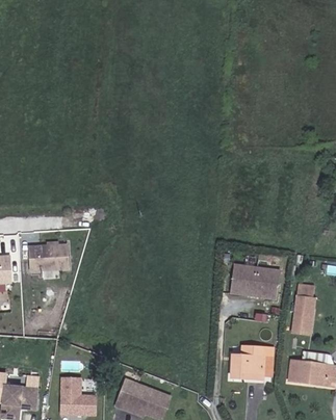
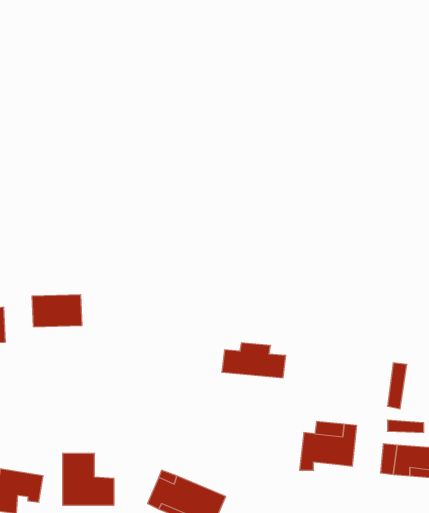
building: [233,270,281,296] -> [222,343,286,378]

